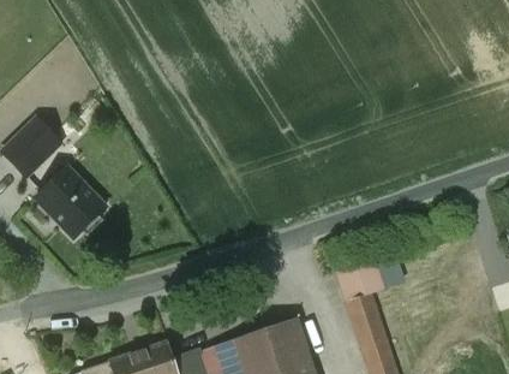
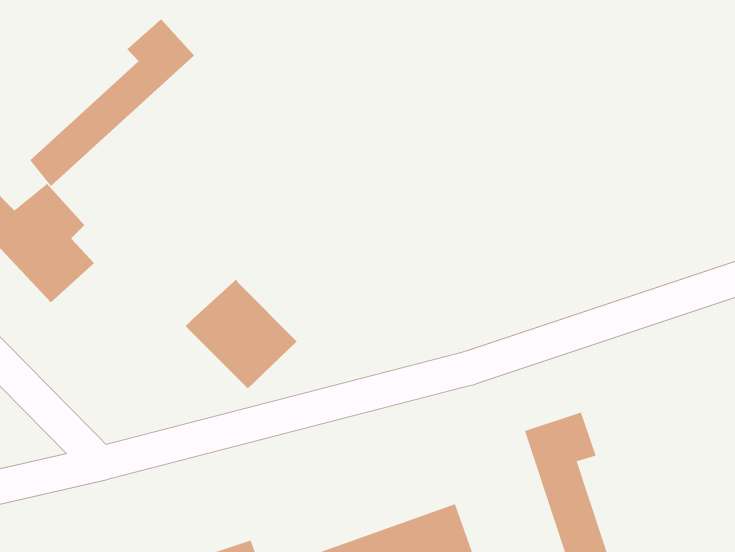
building: none -> [30,18,195,187]
building: [36,167,107,237] -> [185,278,298,389]

